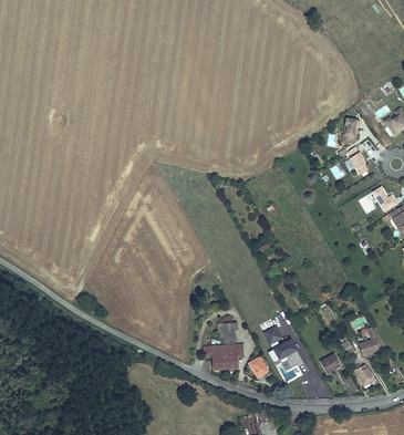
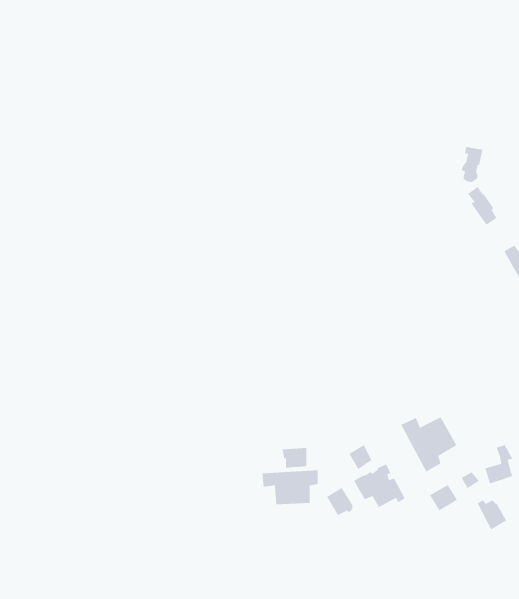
building: none -> [401,416,457,473]

